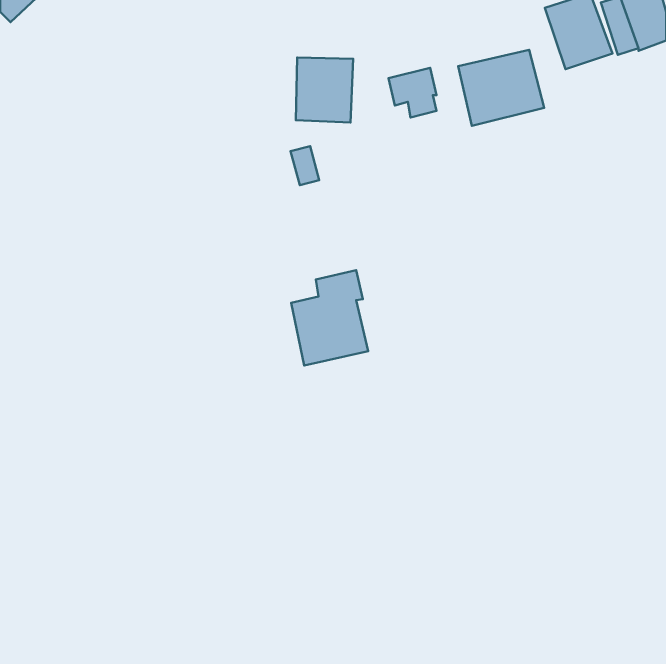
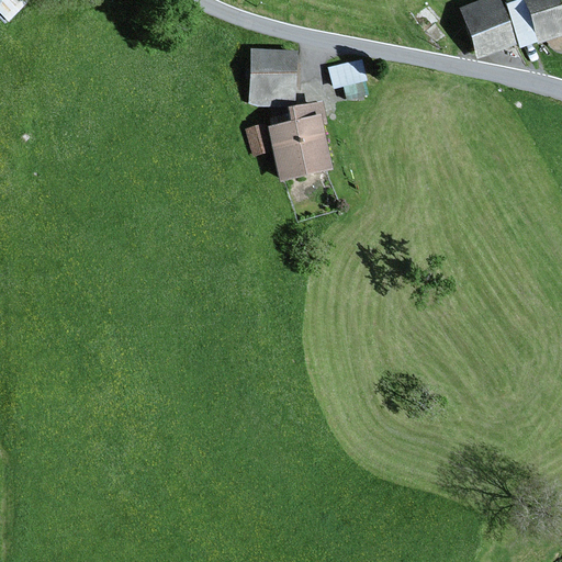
building: [458,50,544,126] -> none
building: [291,270,368,366] -> [268,100,333,180]

